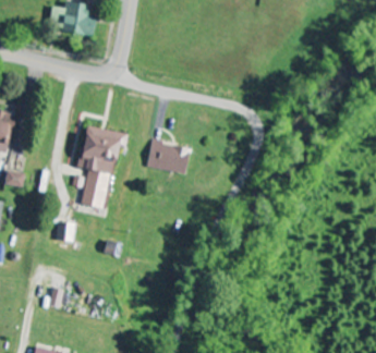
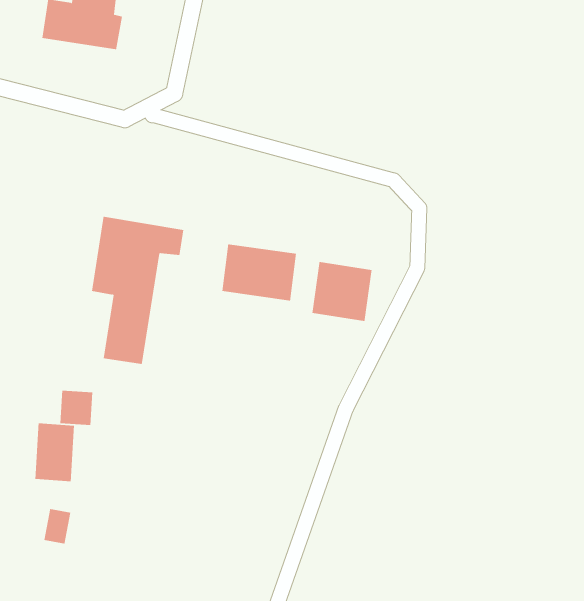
building: none -> [312,261,372,322]
building: none -> [35,422,75,482]

